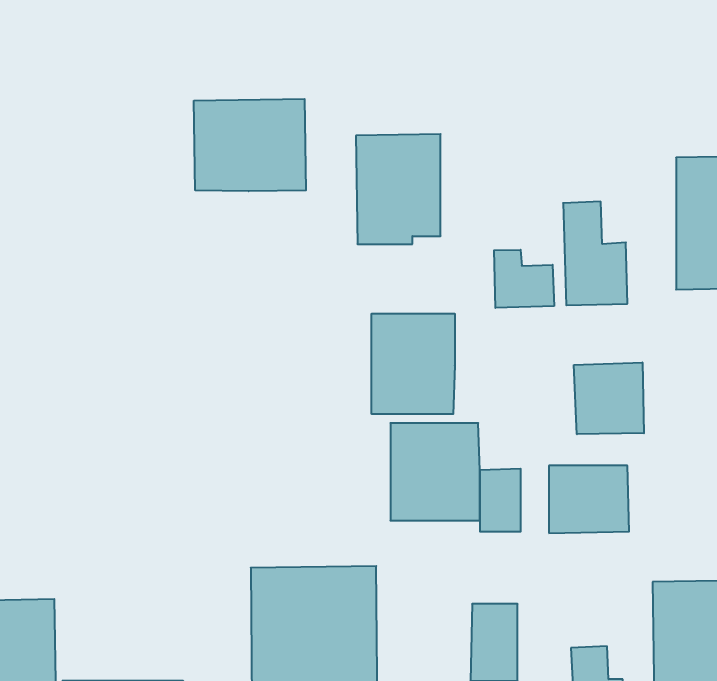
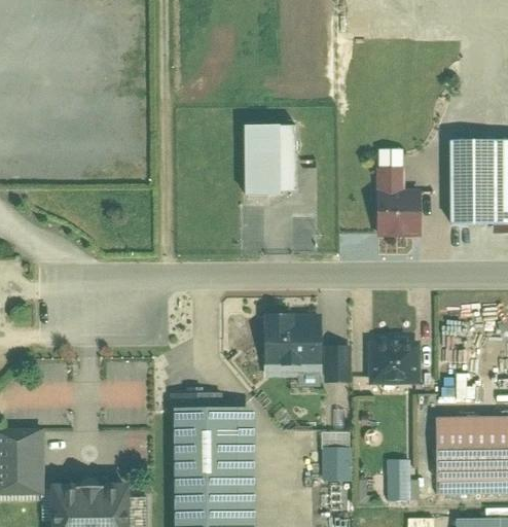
building: [194,99,306,191] -> none
building: [494,250,554,308] -> none
building: [372,314,455,414] -> none
building: [574,362,644,434] -> none

